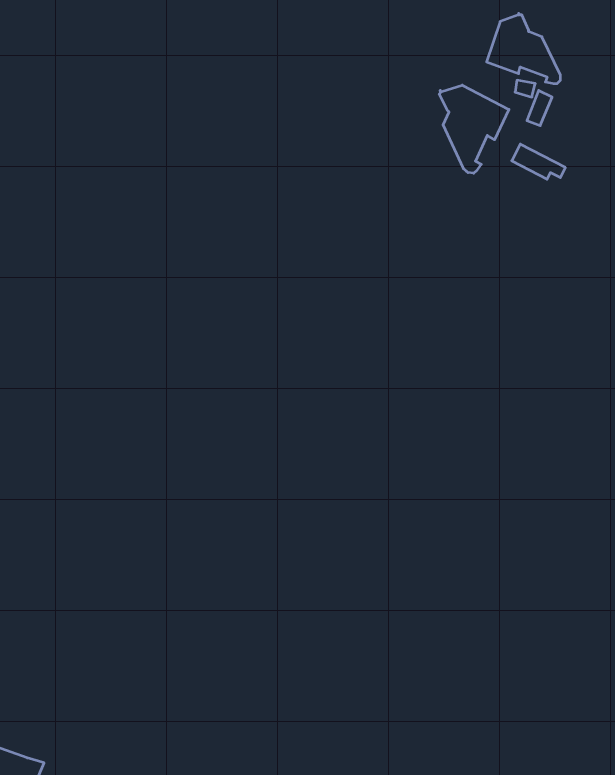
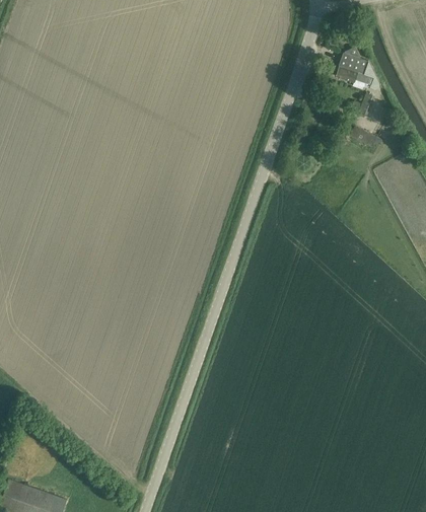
building: [439,85,509,173] -> none

